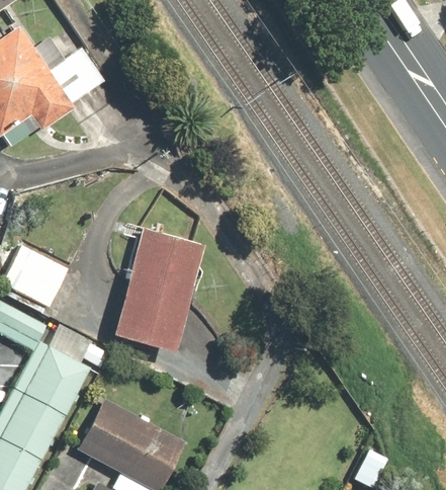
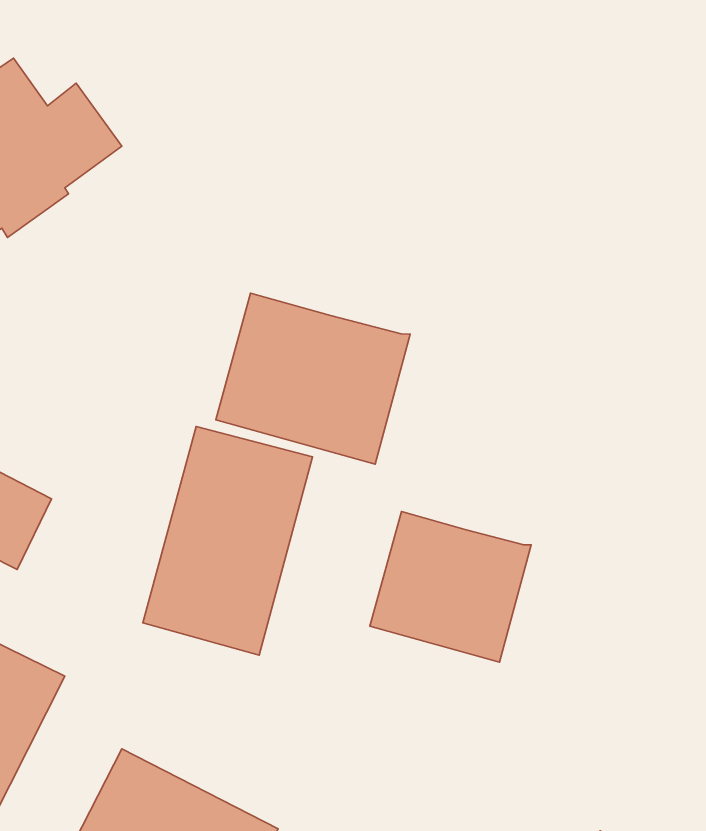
building: none -> [216,293,410,464]
building: none -> [370,512,531,662]

